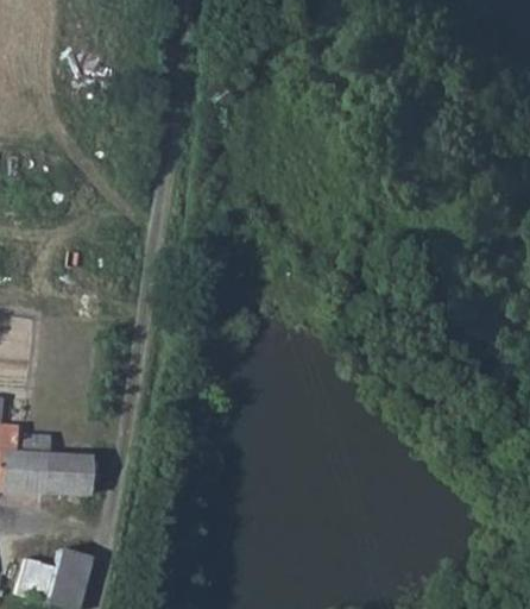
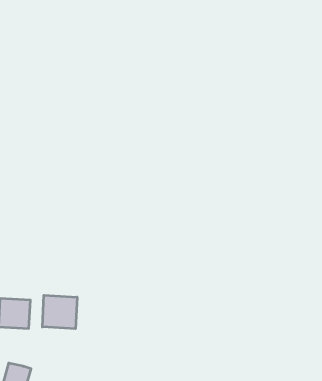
building: none -> [42,295,77,329]

